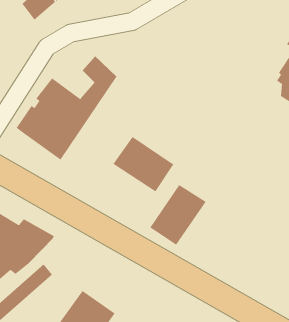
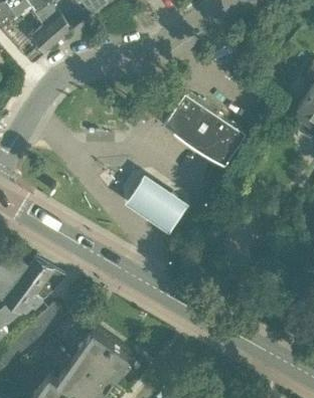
building: [16,56,117,161] -> none
building: none -> [163,92,247,165]
building: [150,184,206,246] -> none

